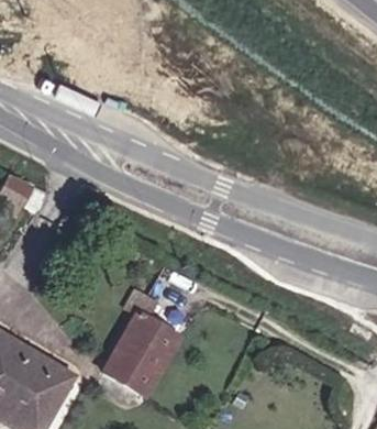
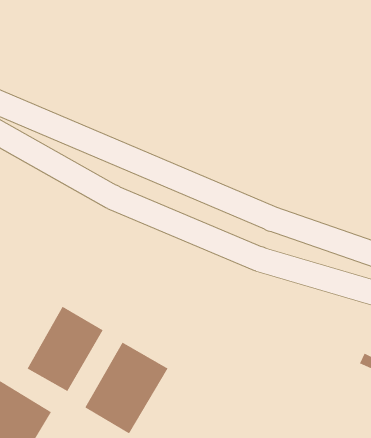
building: none -> [27,306,104,392]

